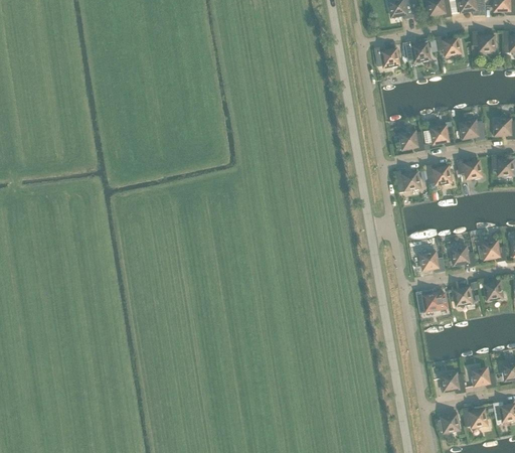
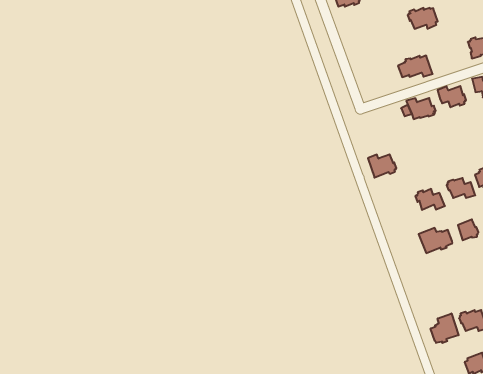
building: [459,120,486,140] -> [408,8,438,29]
building: [398,131,424,151] -> none
building: [395,169,420,190] -> [368,154,396,178]
building: none -> [431,313,459,343]

